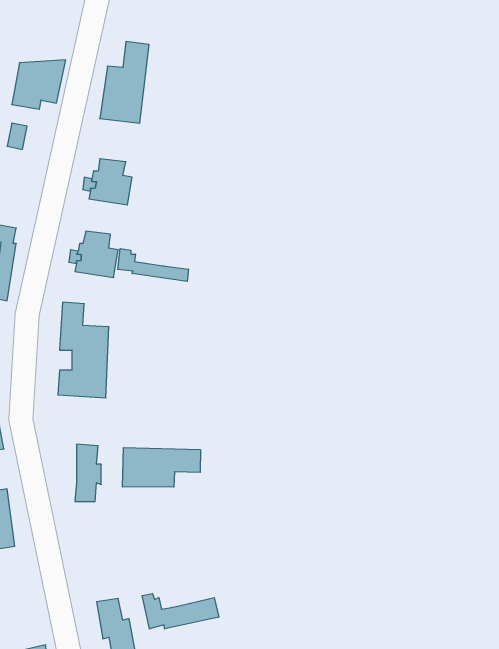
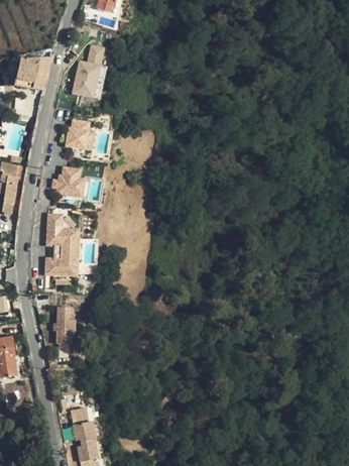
building: [118,249,188,281] -> none
building: [122,448,200,487] -> none
building: [142,594,219,629] -> none

